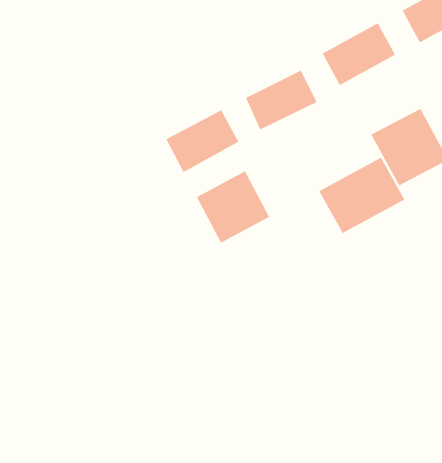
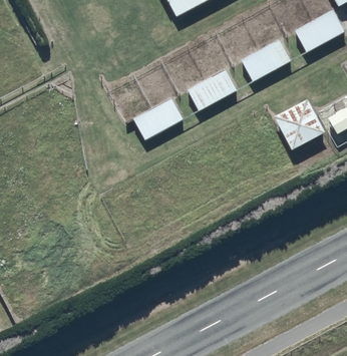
building: [318,157,405,234] -> none
building: [196,170,270,244] -> none

